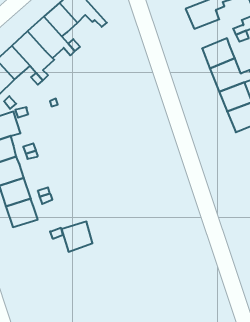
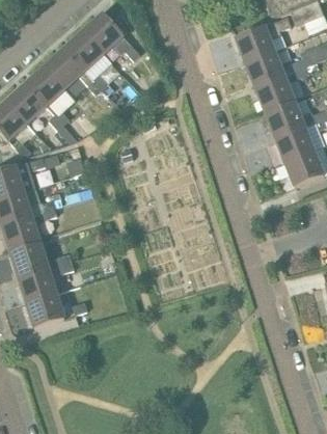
building: none -> [244,50,283,85]
building: [61,222,93,252] -> [26,291,63,327]

